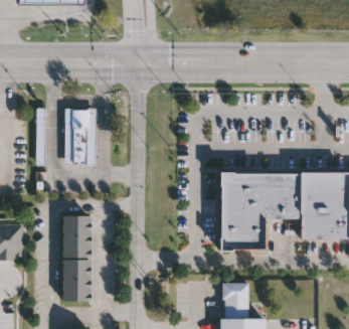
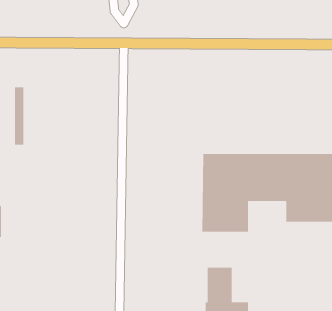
building: [65,108,97,164] -> none
building: [63,215,92,302] -> none

